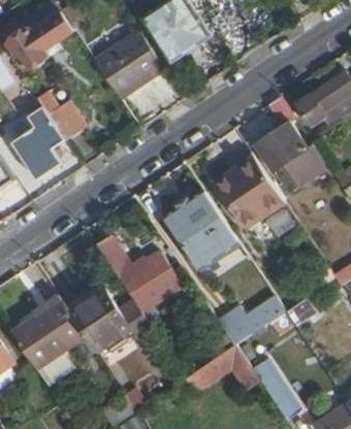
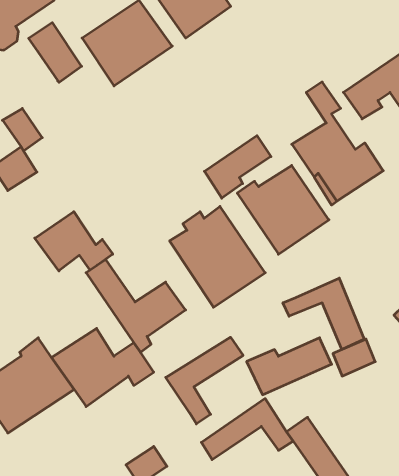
building: [39,94,81,140] -> [29,23,82,82]
building: none -> [204,136,271,198]
building: none -> [35,212,113,271]
building: none -> [283,278,364,350]
building: none -> [166,337,243,424]

